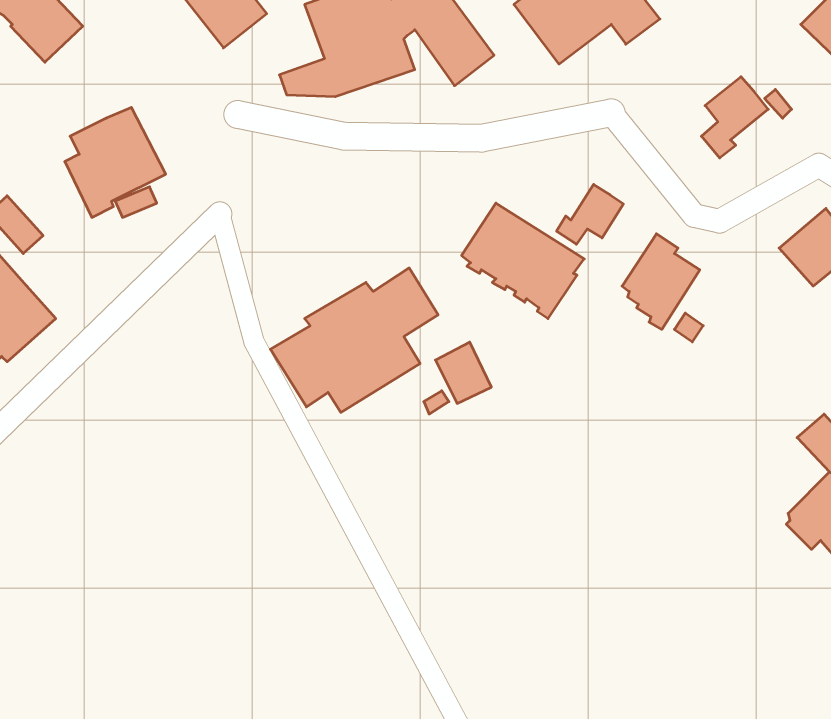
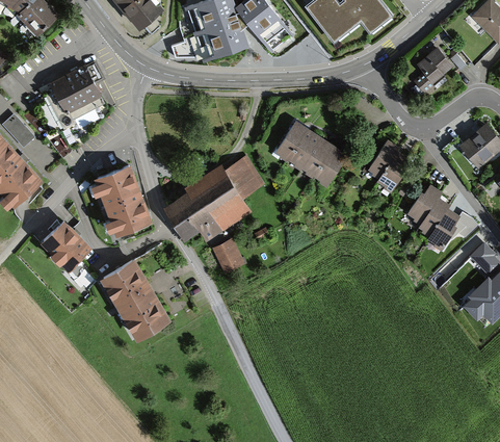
building: [557,184,623,244] -> none
building: none -> [89,163,152,236]
building: none -> [405,183,462,251]
building: [435,342,491,403] -> [212,239,244,275]
building: none -> [41,220,90,270]
building: none -> [100,259,168,338]

